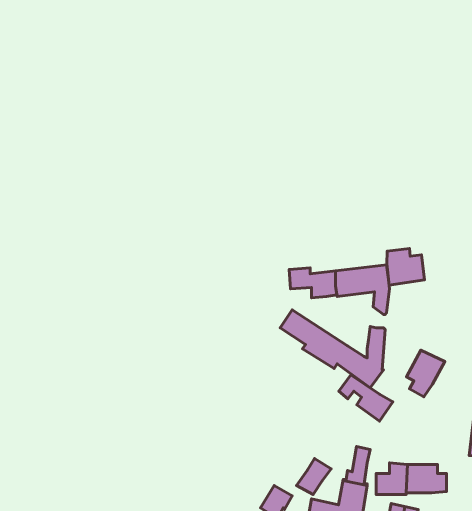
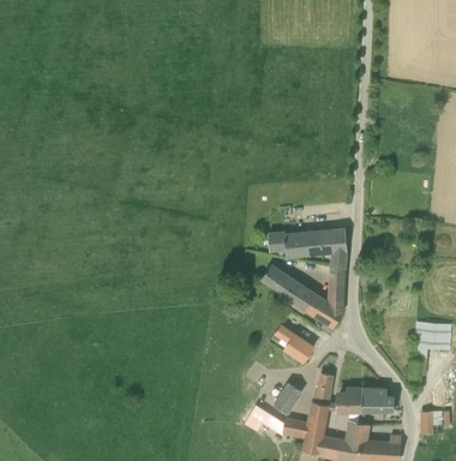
building: [387,249,424,285] -> none
building: [406,350,445,397] -> none
building: [339,375,393,421] -> [271,324,314,361]

